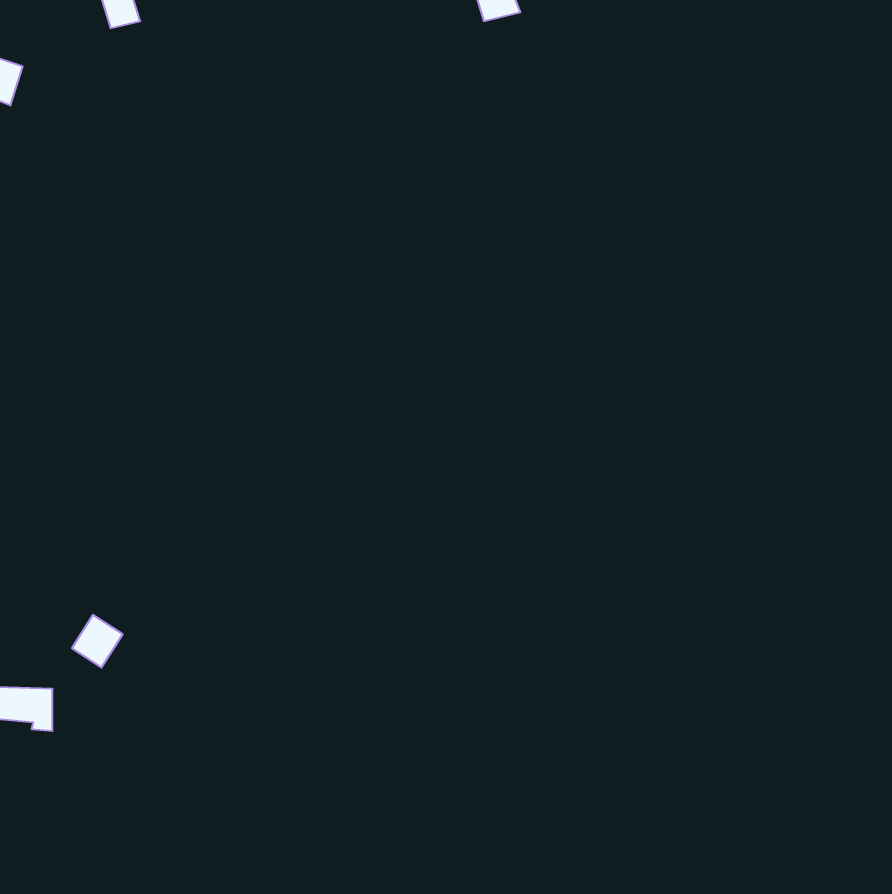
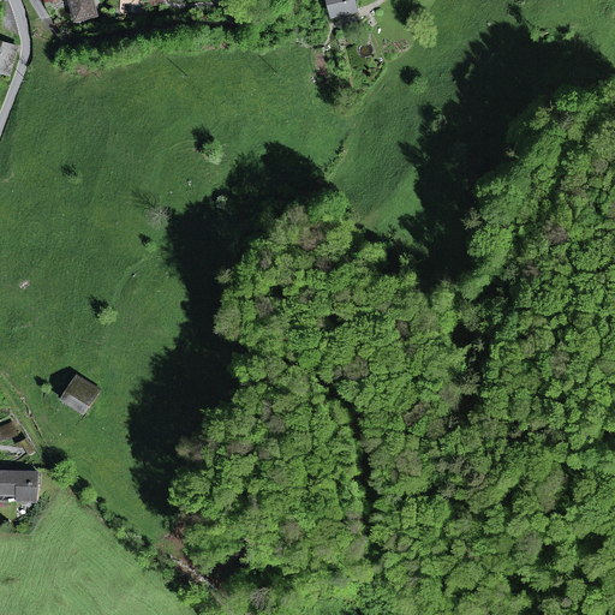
building: [72,615,123,668] -> [62,376,97,412]

